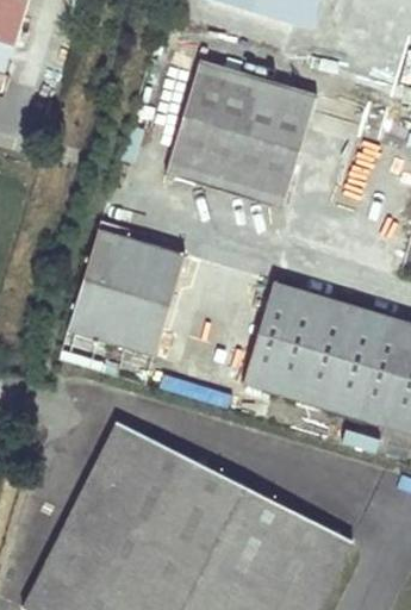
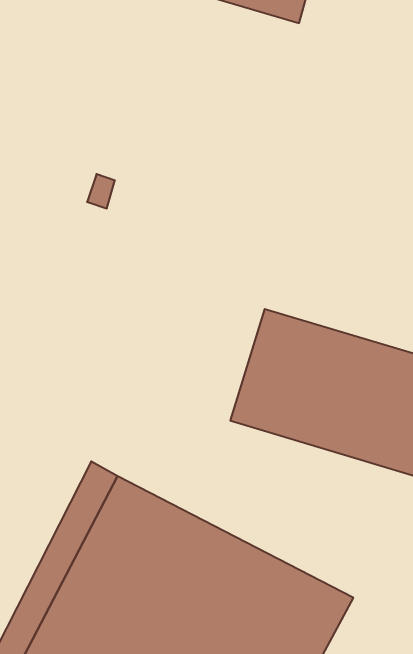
building: [166,60,317,207] -> none
building: [68,229,186,355] -> none

